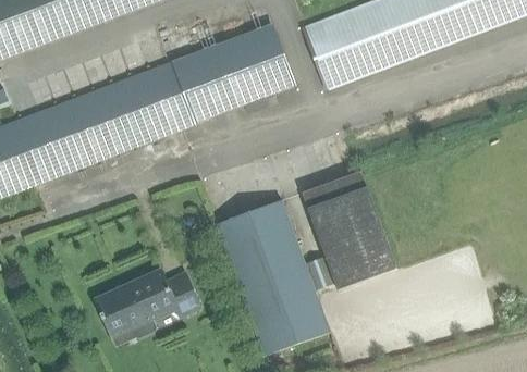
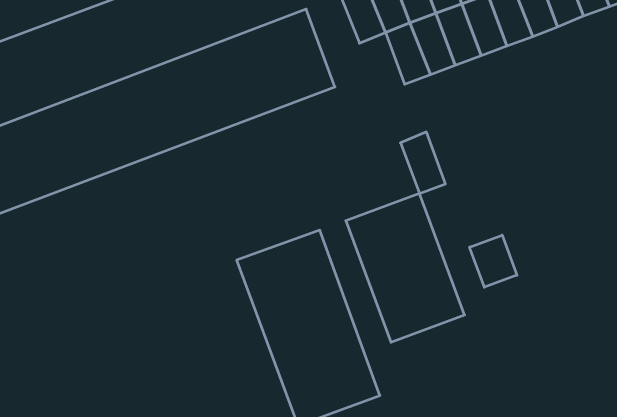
building: [312,41,348,90] -> [400,132,445,193]
building: none -> [470,235,517,287]
building: [95,269,199,337] -> none

